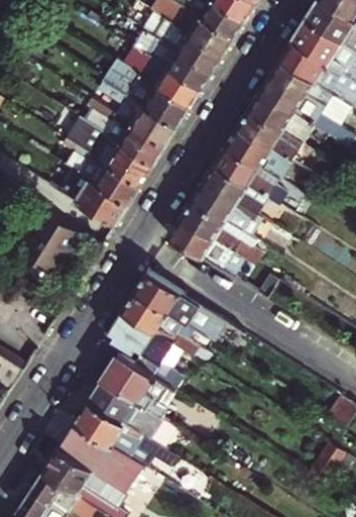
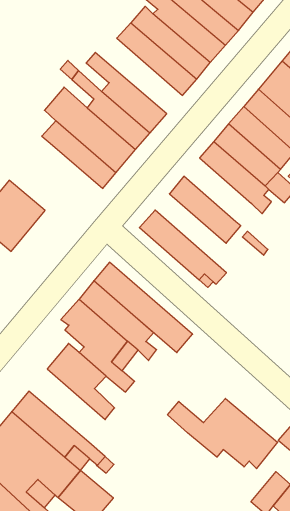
building: [104,58,191,125] -> none
building: [203,162,269,216] -> none
building: [60,170,129,224] -> none
building: [181,199,262,265] -> none
building: [88,378,183,440] -> none
building: none -> [168,398,278,469]

